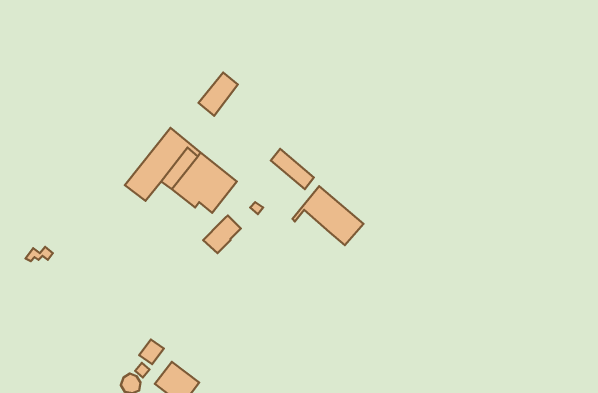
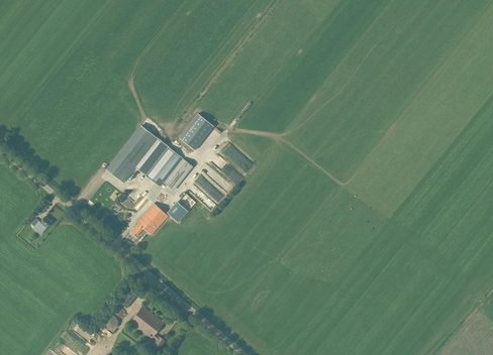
building: [199,73,238,116] -> [182,117,212,150]
building: [292,186,364,245] -> none
building: none -> [131,203,170,236]

